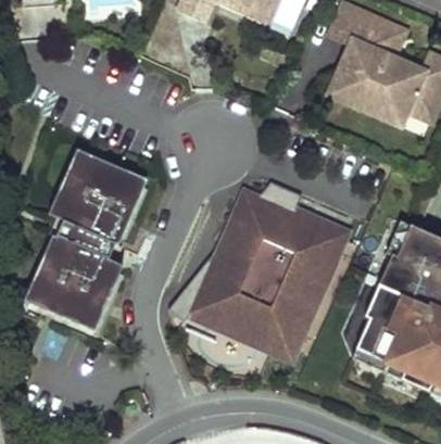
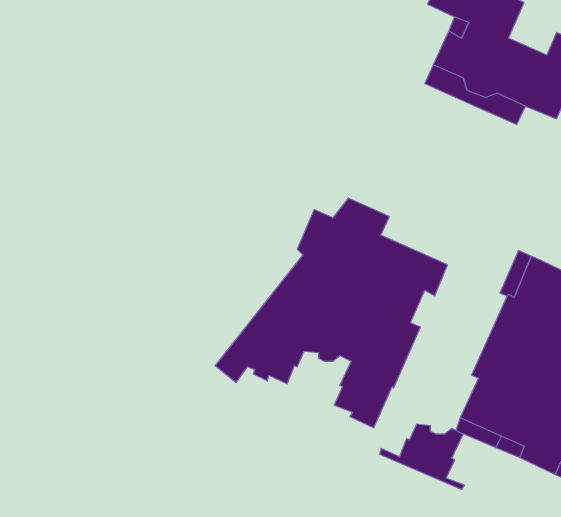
building: [25,149,149,332] -> none
building: [210,299,275,348] -> [380,424,465,489]

